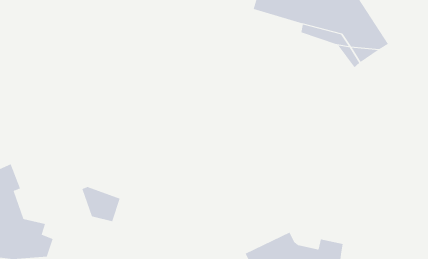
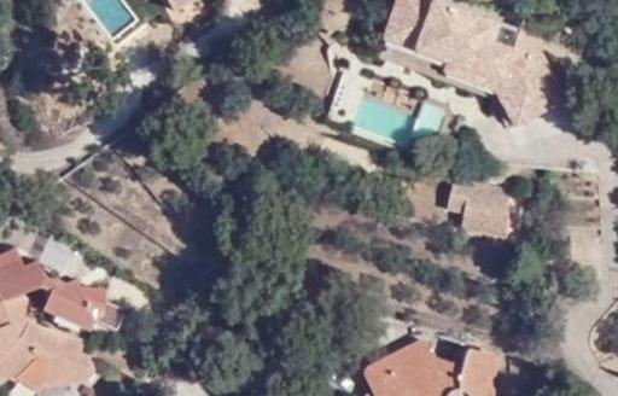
building: none -> [449,176,512,244]
building: [82,186,121,222] -> [40,280,94,330]

